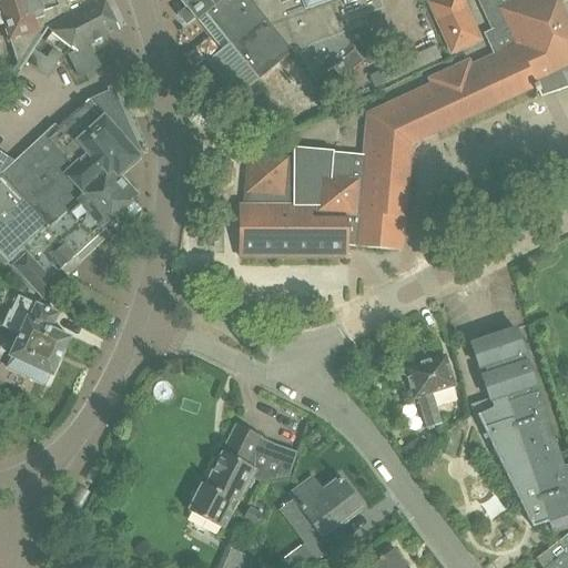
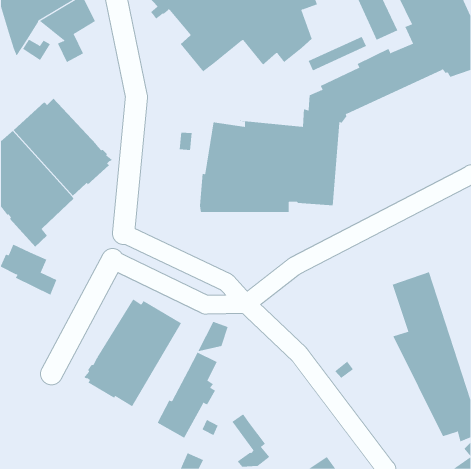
building: [64,88,139,173] -> none
building: [7,334,61,382] -> none
building: [405,355,458,425] -> none
building: none -> [84,298,182,407]
building: [258,443,296,479] -> [197,321,229,352]
building: [290,475,361,534] -> none

